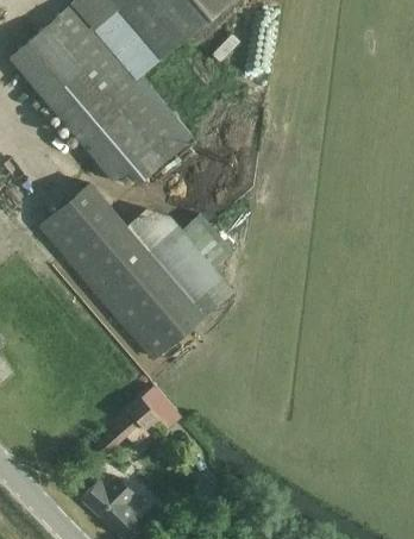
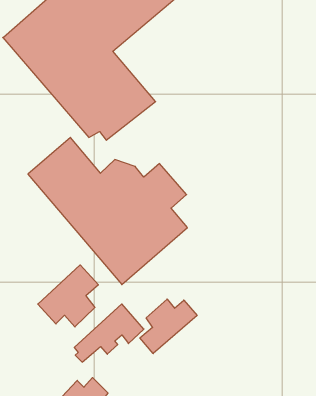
building: none -> [38,265,98,327]
building: none -> [140,299,197,354]

